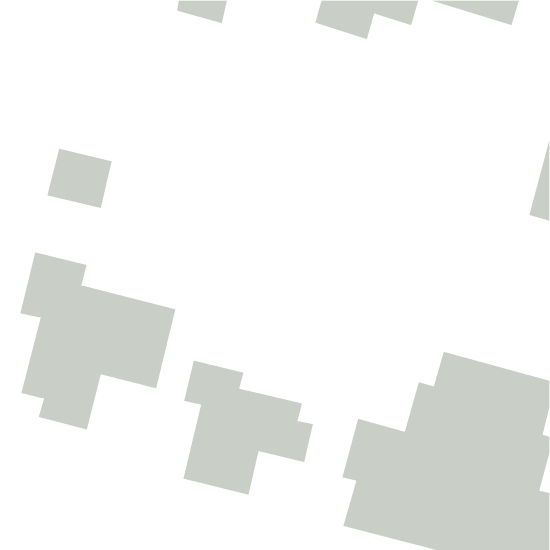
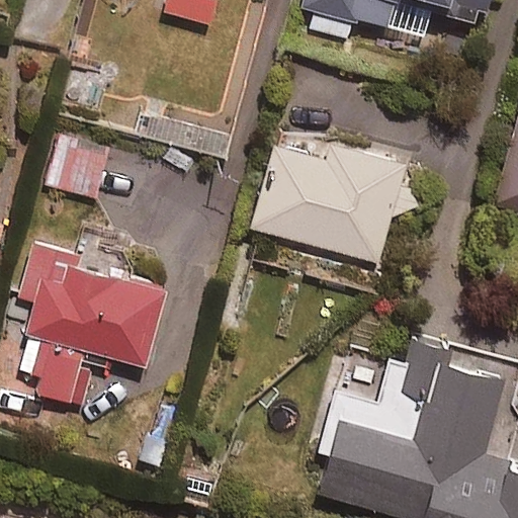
building: none -> [251,128,412,262]
building: [183,360,313,495] -> none

